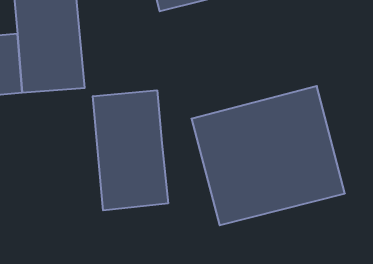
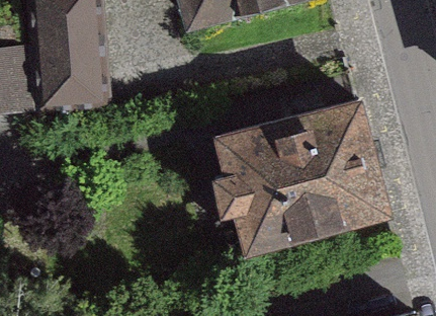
building: [93,90,168,210] -> none

